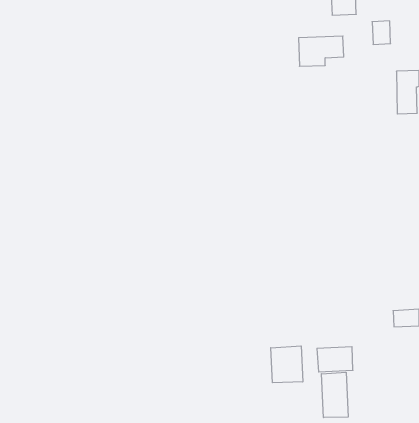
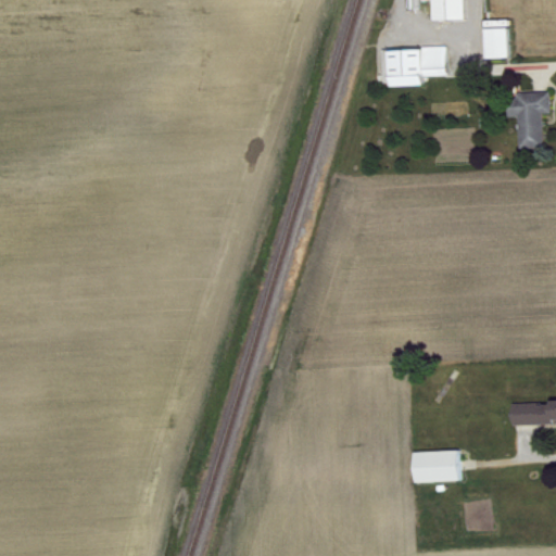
building: [271,346,303,383] -> none
building: [321,372,348,418] -> none

